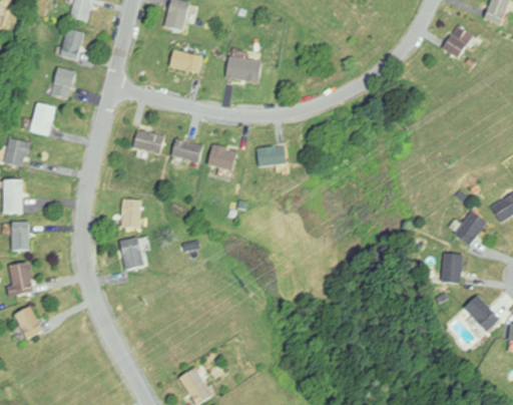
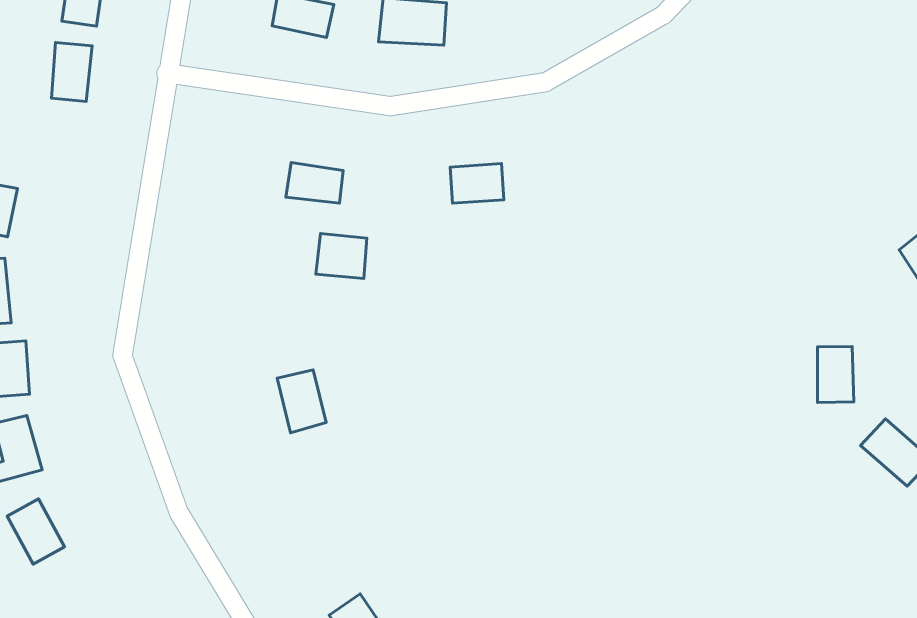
building: [30,103,54,135] -> none
building: [132,129,163,153] -> none
building: [207,144,235,169] -> [316,234,367,278]
building: [121,199,140,228] -> none
building: [454,211,486,246] -> none
building: [119,238,143,270] -> [277,370,326,433]

